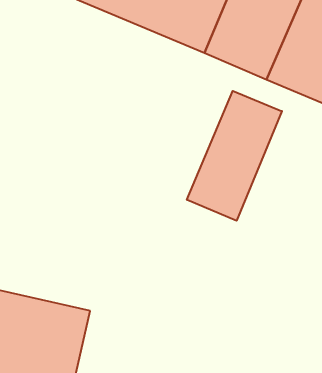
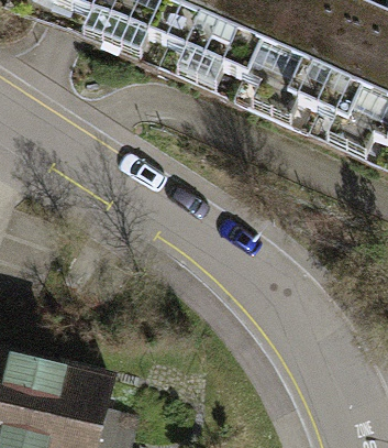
building: [187,91,282,221] -> none

